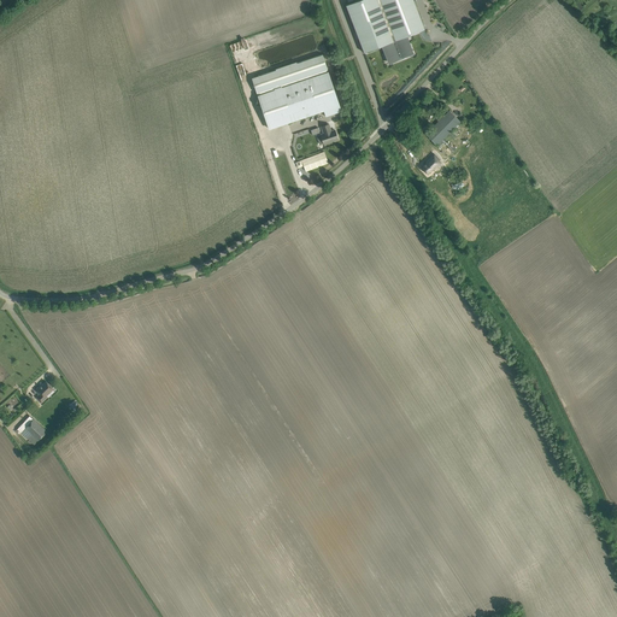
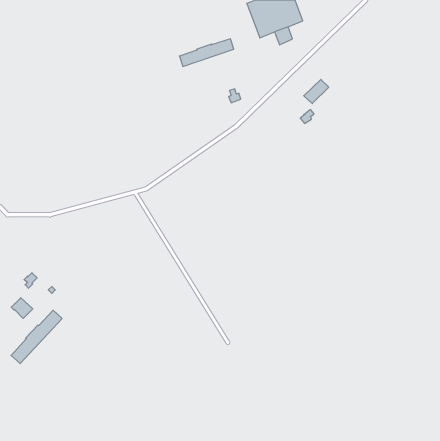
building: [257,71,340,129] -> none
building: none -> [11,310,62,364]

